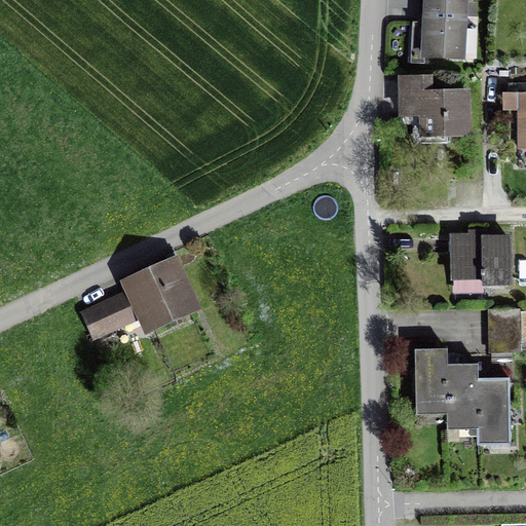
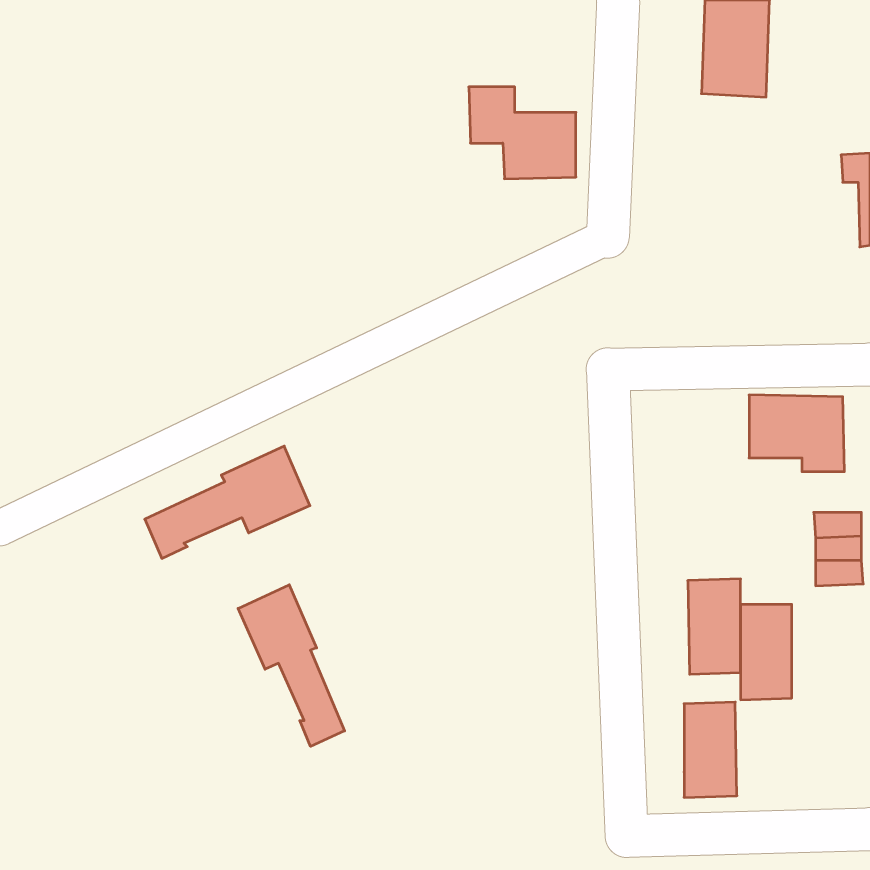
building: [402,79,466,135] -> [469,87,576,179]
building: none -> [238,585,345,746]
building: [478,379,510,437] -> [684,702,737,797]

